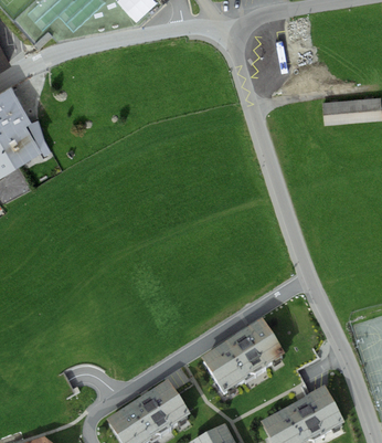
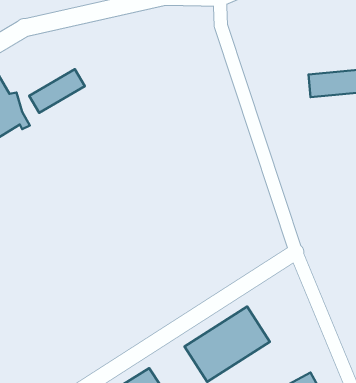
building: none -> [29,69,85,113]

